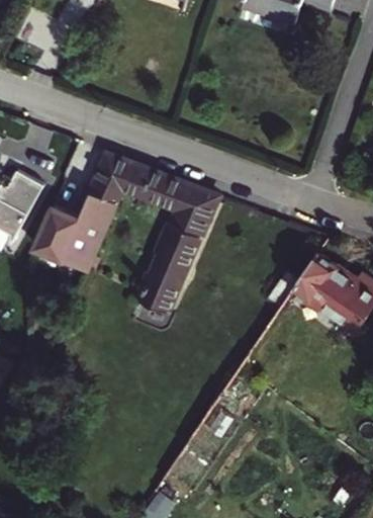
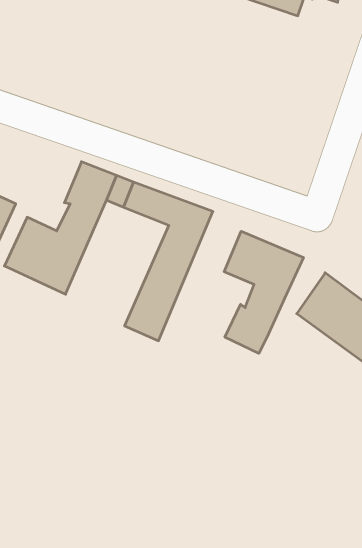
building: none -> [224,231,303,353]

